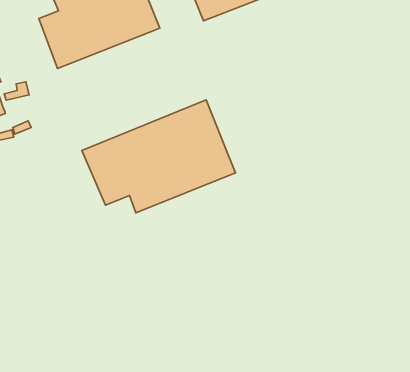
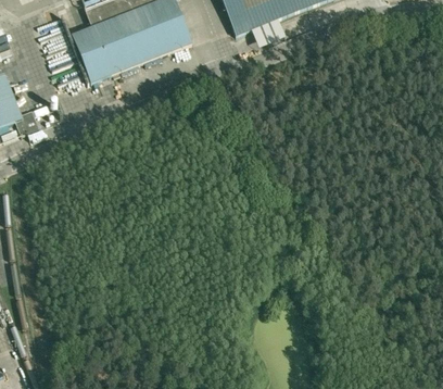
building: [82,100,235,213] -> none

